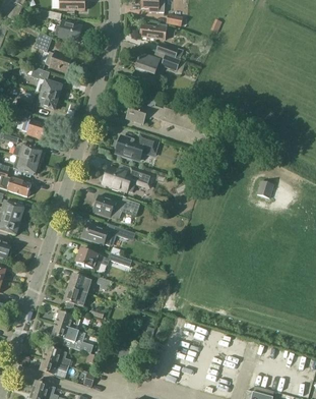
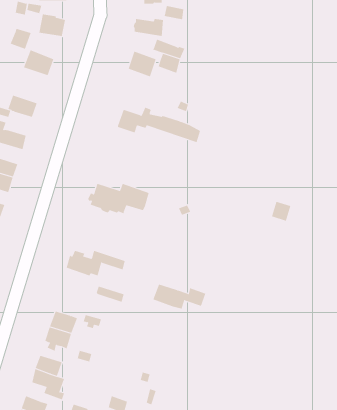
building: [30,66,62,97] -> none
building: [115,132,161,160] -> none
building: [93,195,139,217] -> [152,284,206,309]
building: [75,247,109,270] -> none

